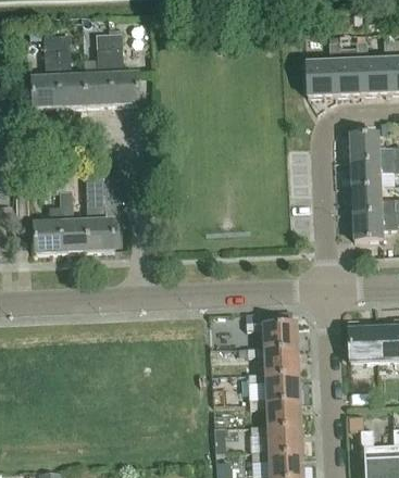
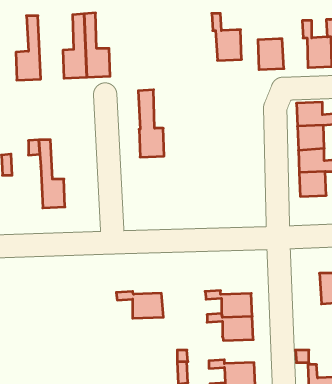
building: [58,35,87,108] -> none
building: [329,42,363,96] -> [212,13,242,60]
building: [86,176,115,252] -> [138,90,164,157]
building: [35,206,63,254] -> none
building: [246,320,299,351] -> [116,291,163,318]
building: [348,320,378,363] -> none
building: [250,399,302,429] -> none

